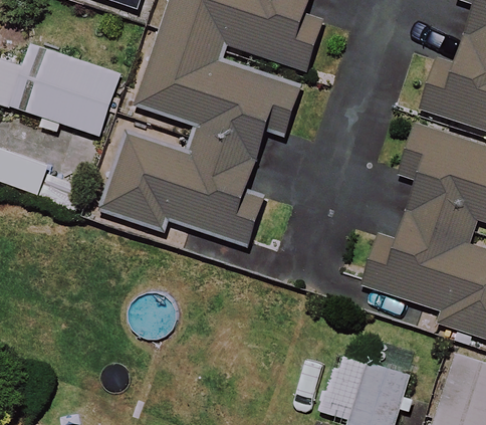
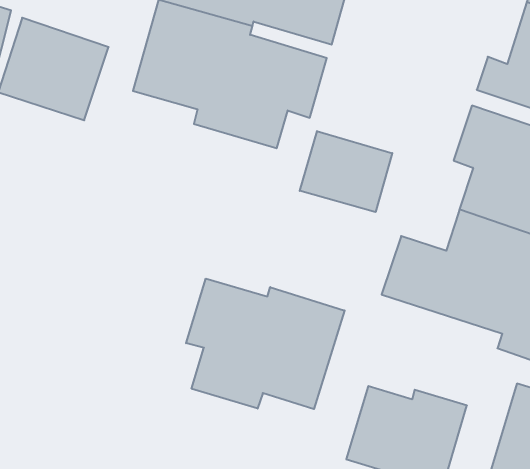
building: [105,133,259,248] -> none
building: none -> [300,131,392,212]
building: none -> [186,279,345,409]

